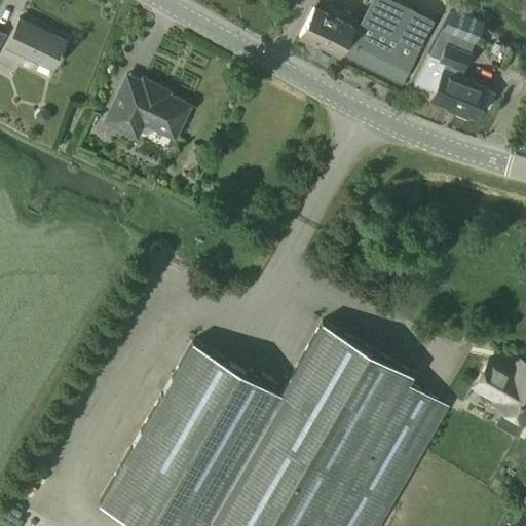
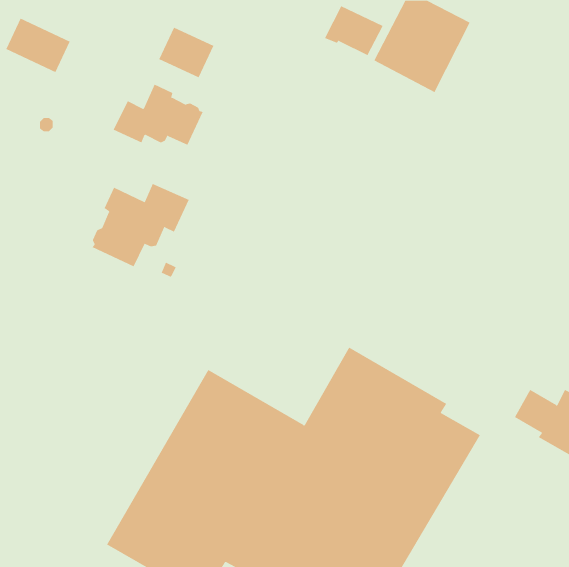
building: [415,9,495,120] -> none
building: none -> [159,27,214,78]
building: none -> [92,183,190,267]

